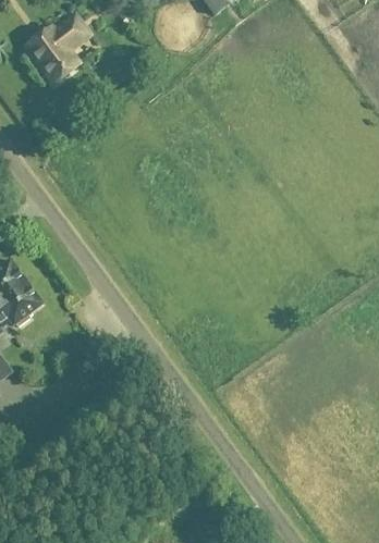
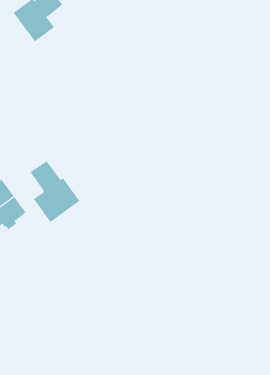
building: none -> [30,160,80,223]

